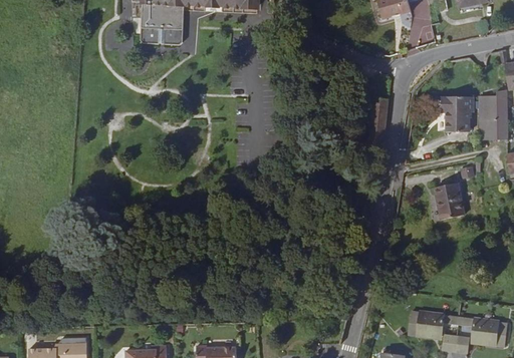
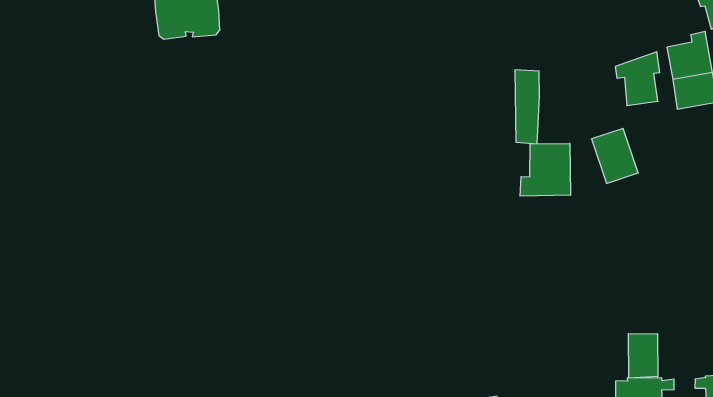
building: none -> [520,143,570,196]
building: [435,182,463,217] -> [591,128,638,183]
building: none -> [628,334,658,378]

